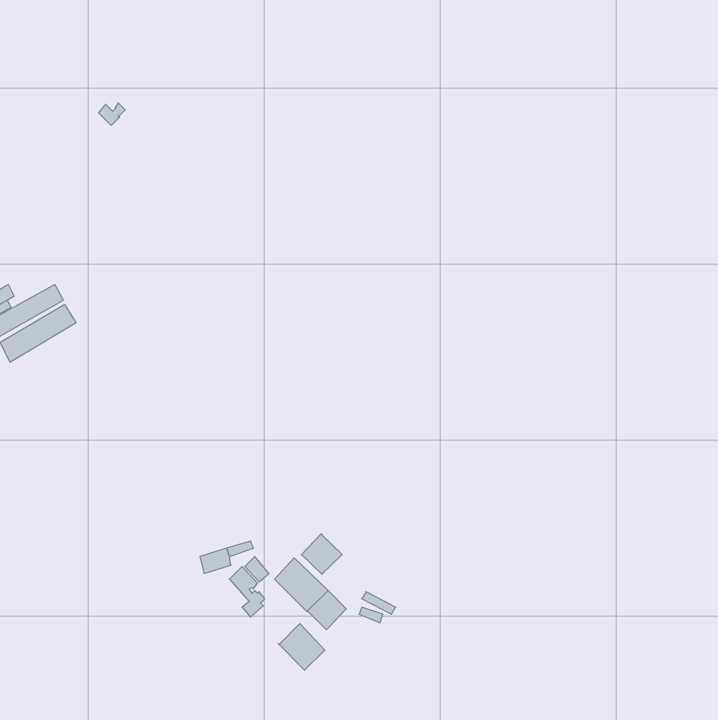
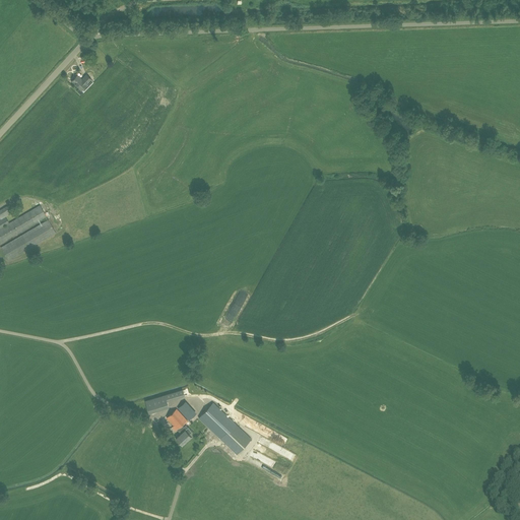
building: [301,534,342,574] -> none
building: [278,624,325,670] -> none

